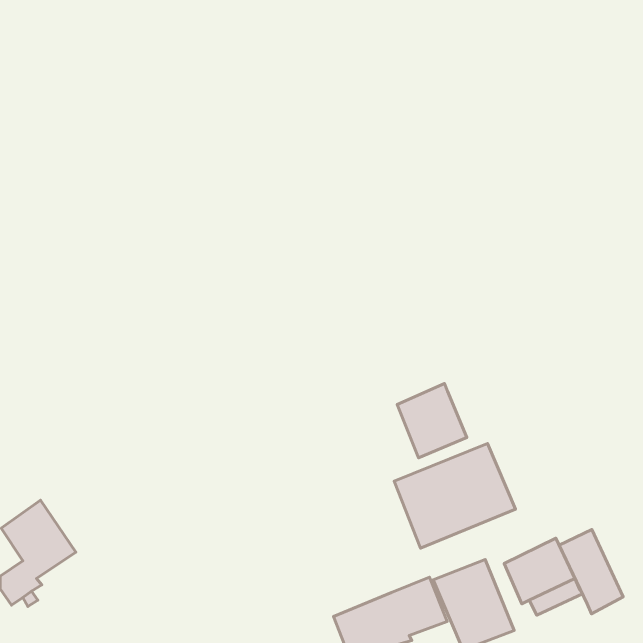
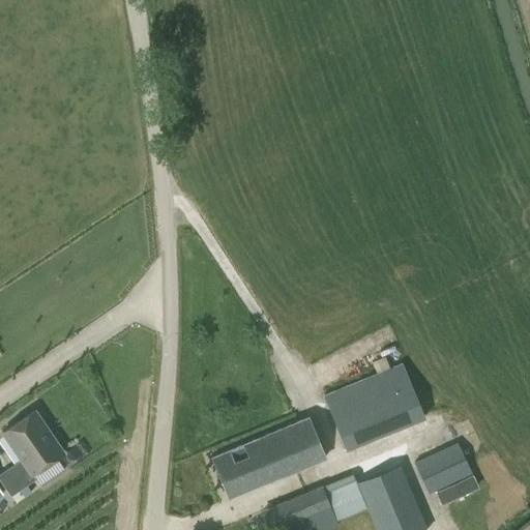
building: [397,383,467,458] -> none
building: none -> [212,419,325,499]
building: [559,529,623,614] -> none

